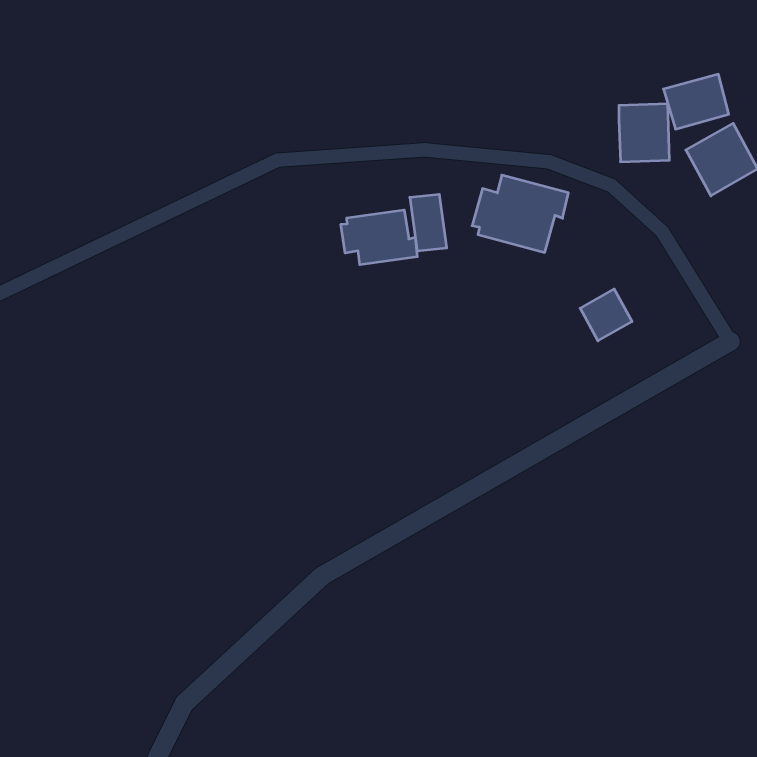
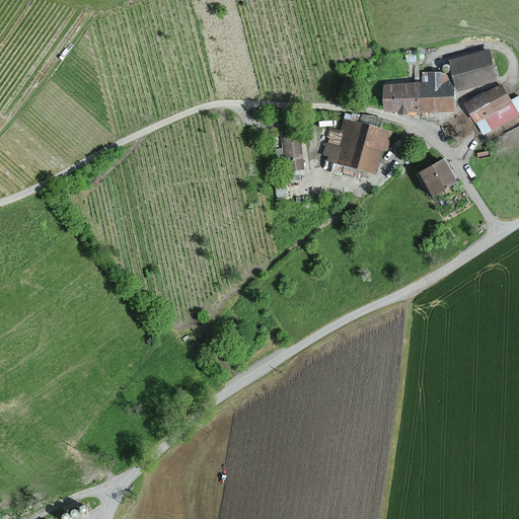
building: none -> [385,82,424,112]
building: [341,210,417,265] -> none
building: [580,289,632,341] -> [417,160,452,196]

